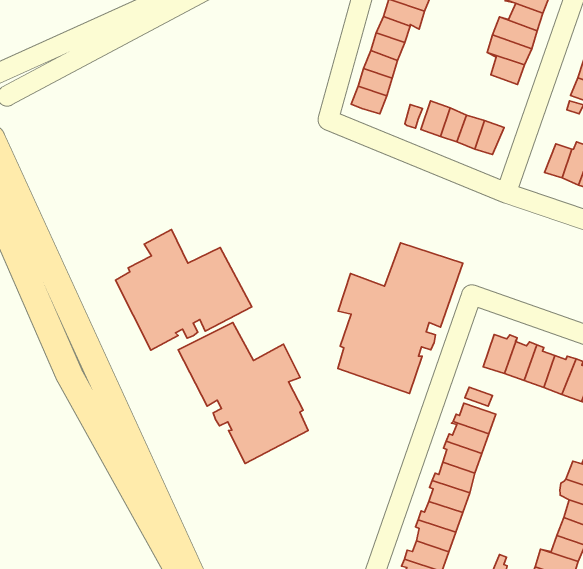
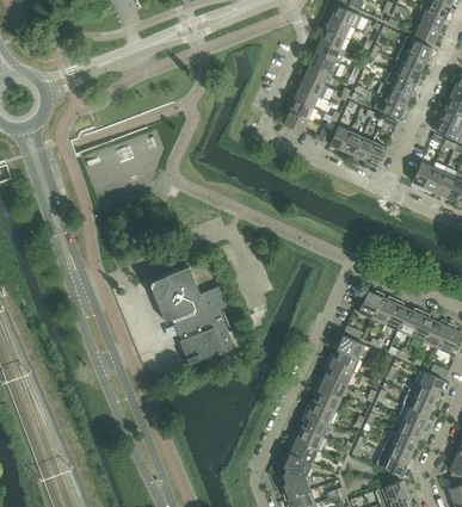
building: [115,230,252,350] -> none
building: [338,243,463,394] -> none

